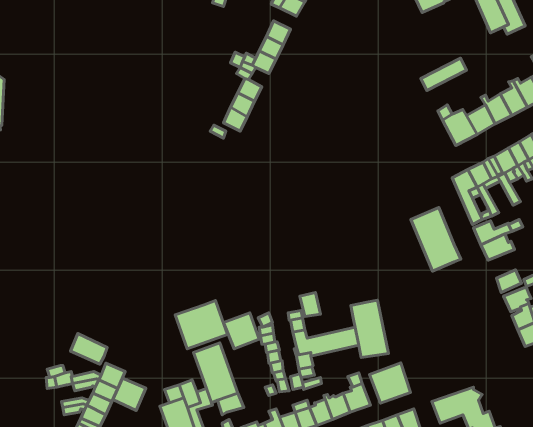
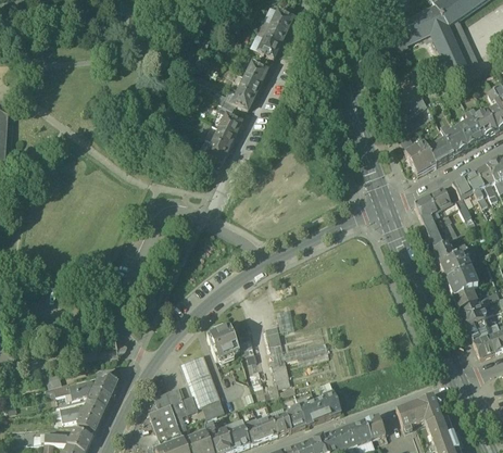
building: [411,208,461,271] -> none
building: none -> [447,268,478,294]
building: [351,300,388,357] -> none
building: [175,300,228,349] -> none
building: [71,334,107,364] -> none
building: [370,363,410,403] -> none
building: [113,378,146,411] -> none

